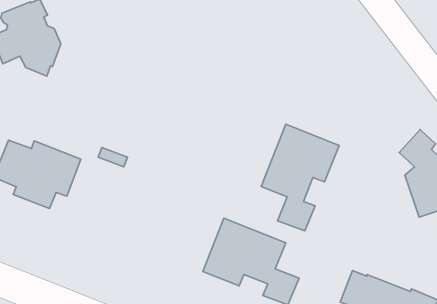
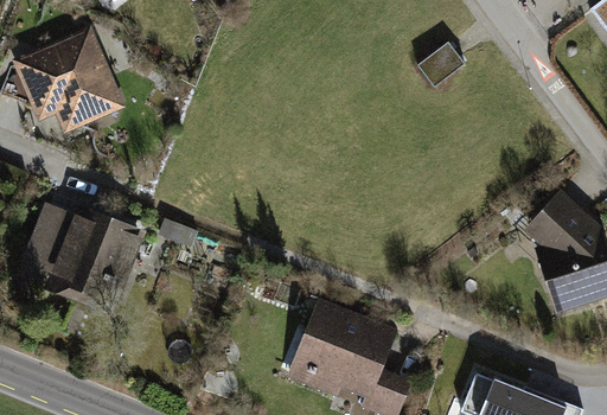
building: none -> [417,42,465,87]
building: [261,124,339,231] -> none

